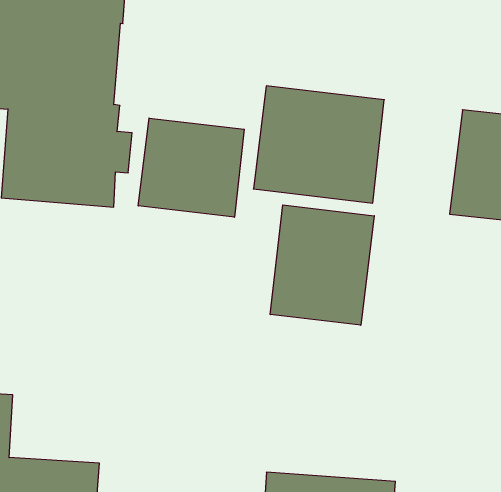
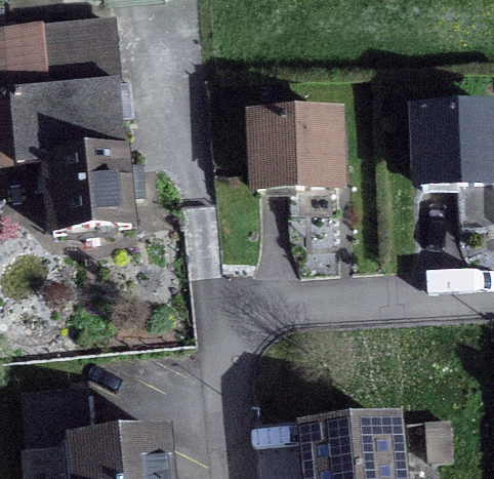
building: [138,118,244,217] -> none
building: [270,205,374,325] -> none

